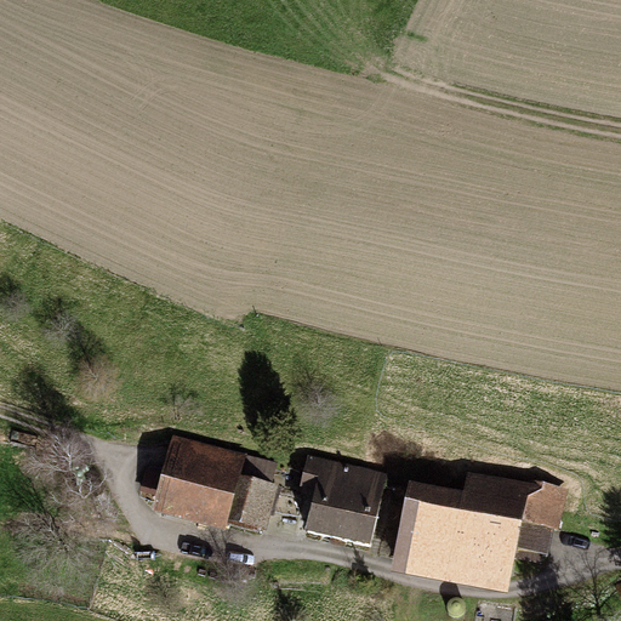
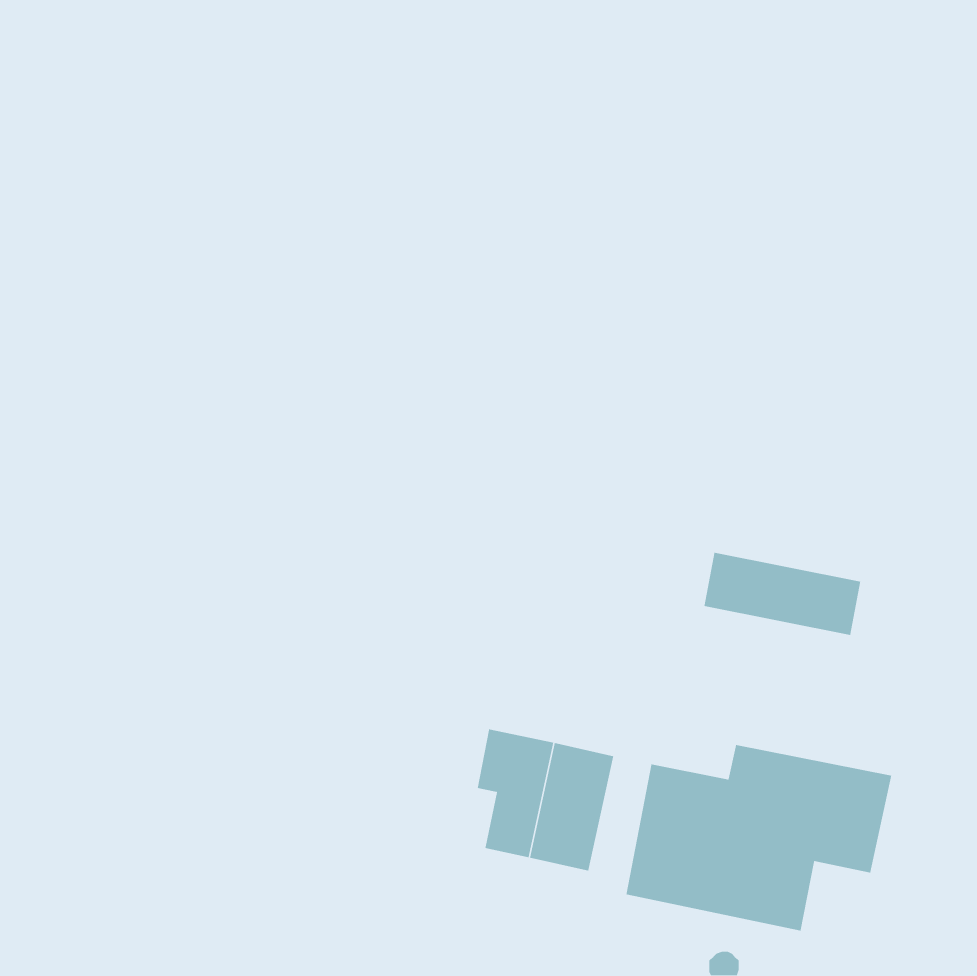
building: none -> [704,552,861,636]
building: [154,438,279,534] -> none

